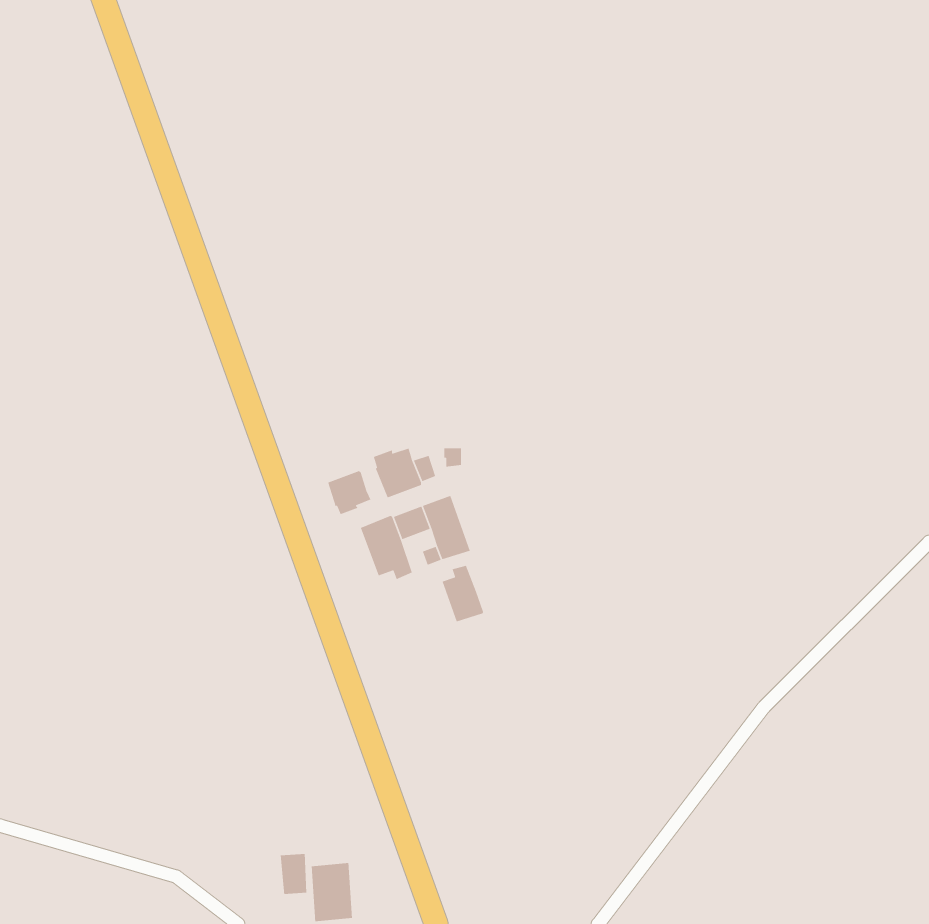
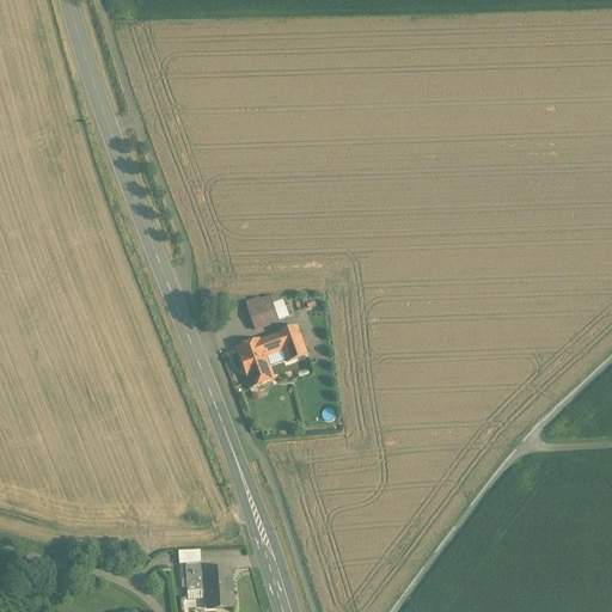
building: [327,470,372,515] -> none
building: [442,565,484,622] -> none

